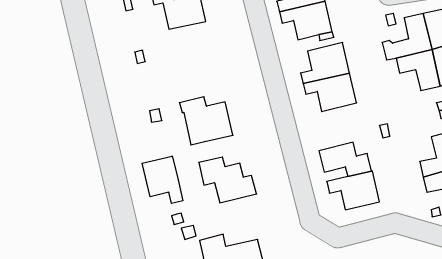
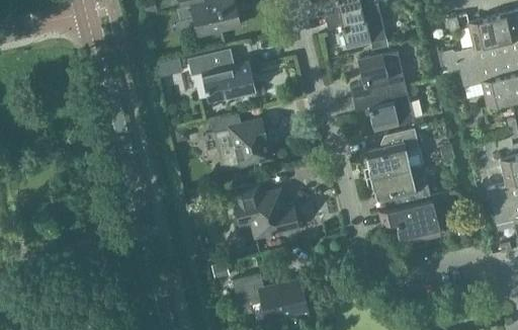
building: none -> [187,50,256,103]
building: none -> [365,130,419,177]
building: [142,156,183,203] -> none

